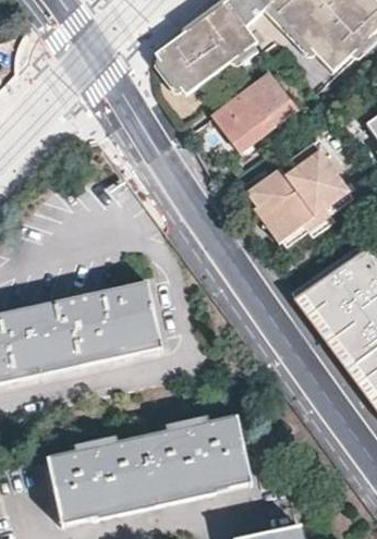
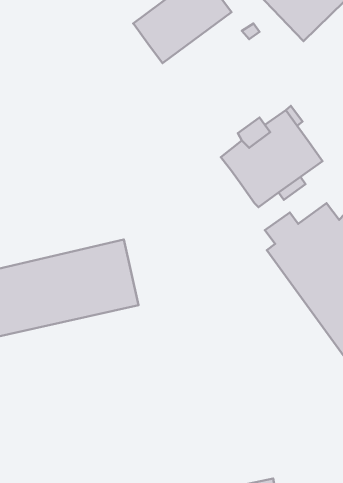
building: [211,75,295,151] -> none
building: [45,413,253,525] -> none

